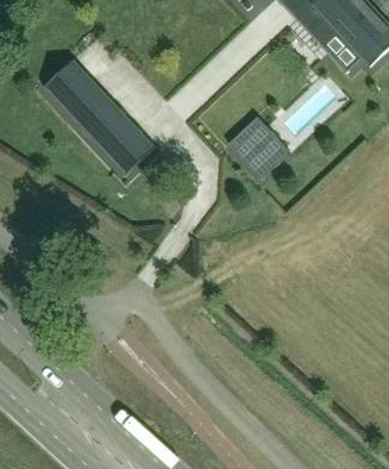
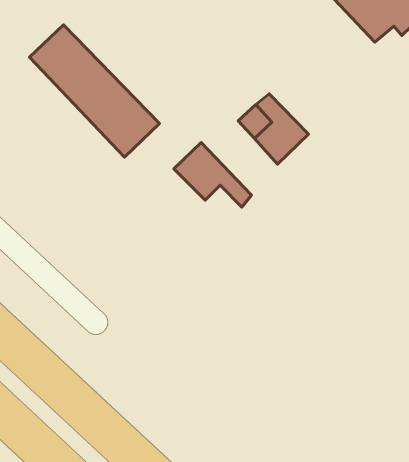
building: none -> [174,142,251,207]

